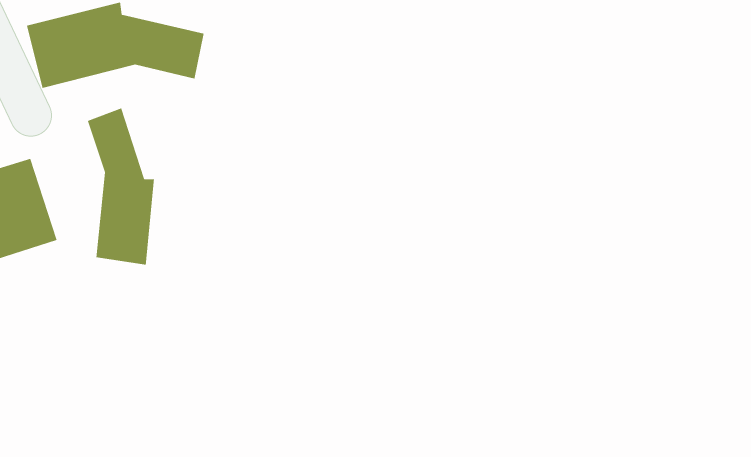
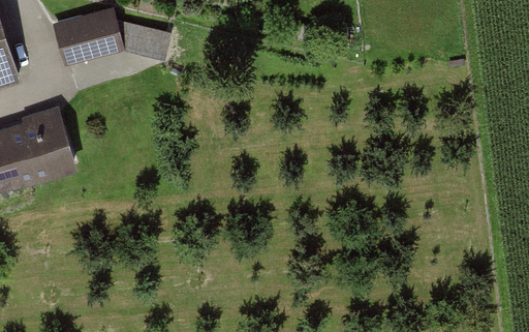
building: [87,107,155,266] -> none

